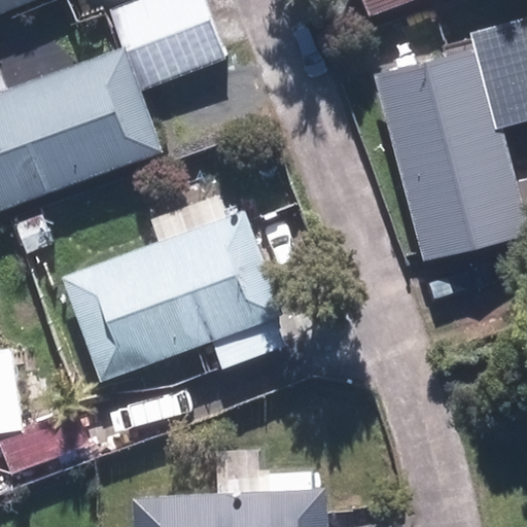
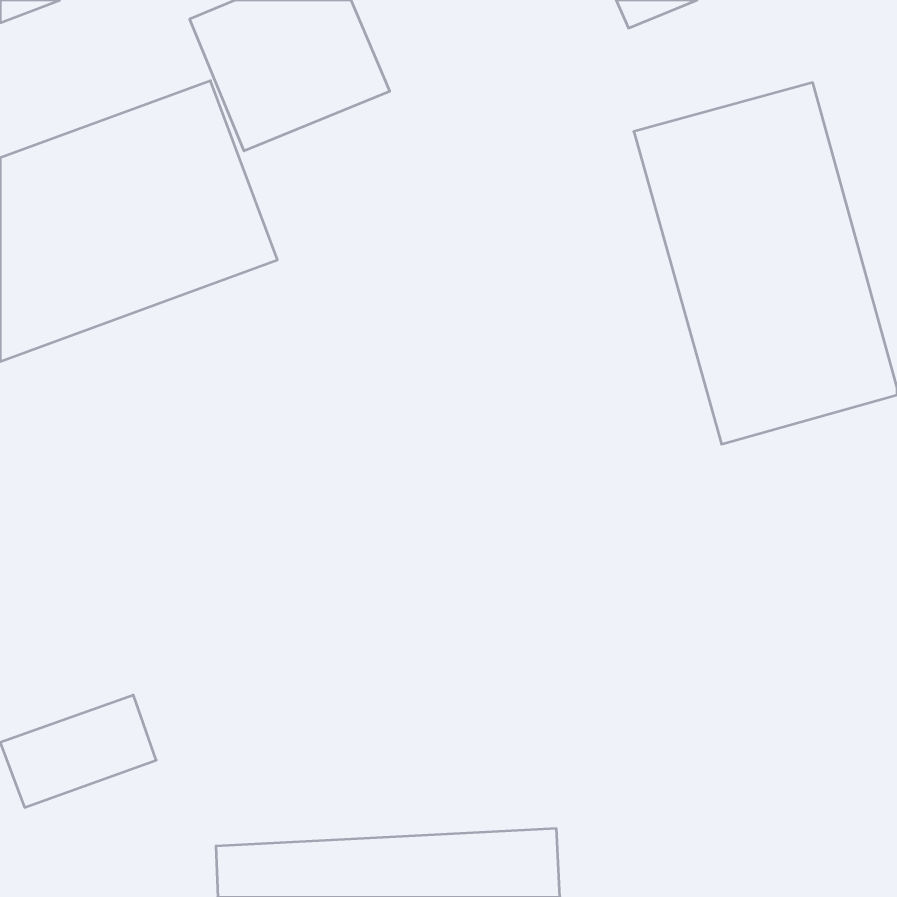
building: [62,208,285,379] -> none

